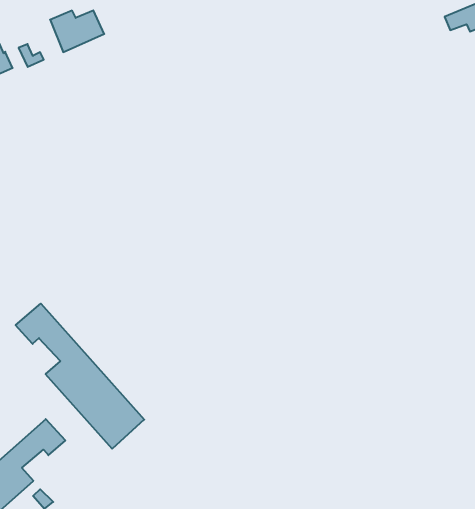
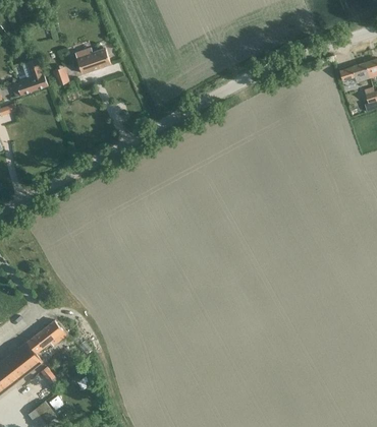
building: [16,304,144,449] -> none

